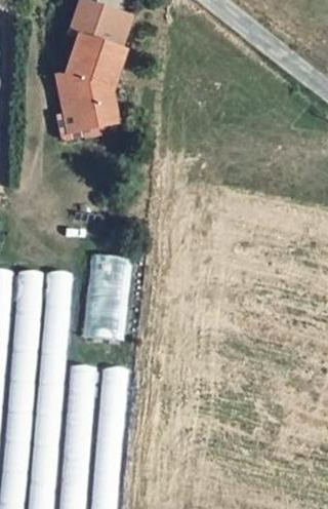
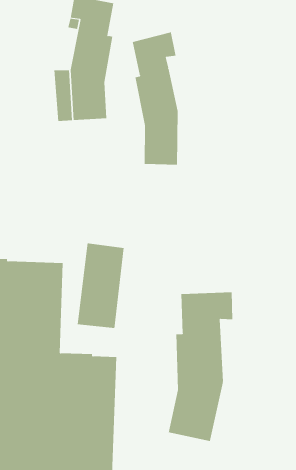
building: none -> [132,31,178,165]
building: none -> [168,292,233,442]

